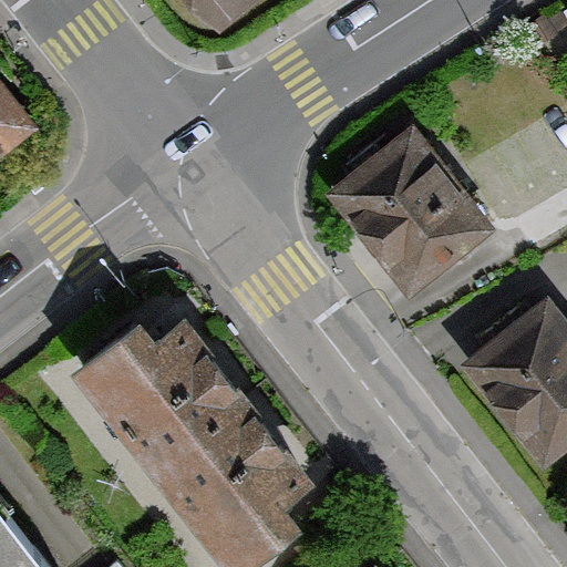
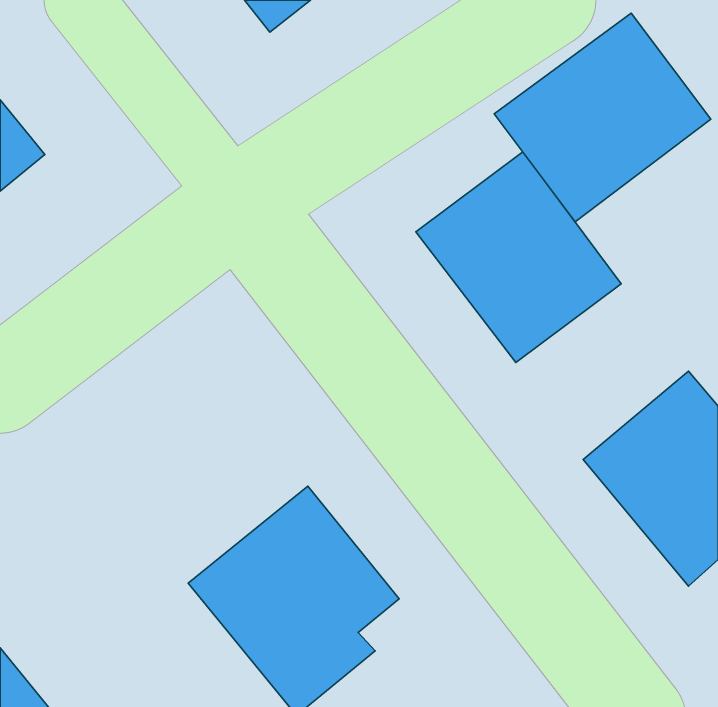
building: none -> [494,13,711,222]
building: [72,317,243,468] -> none

